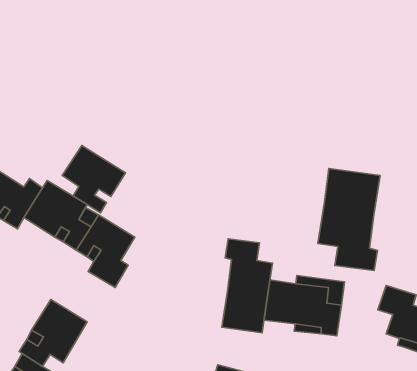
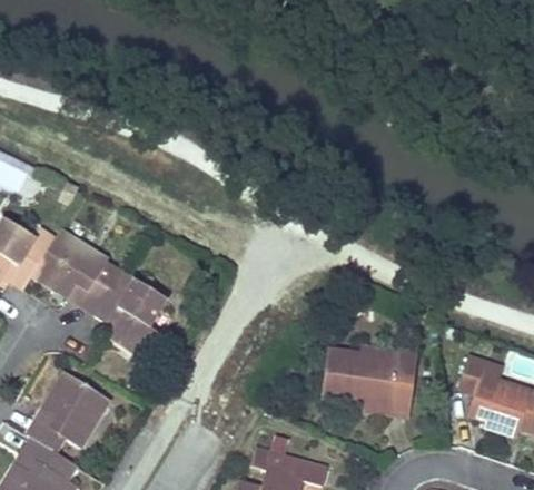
building: [62,146,125,213] -> none
building: [318,168,380,271] -> none
building: [222,239,273,333] -> none

